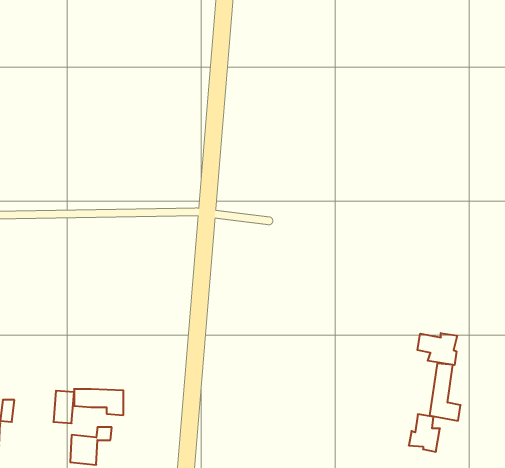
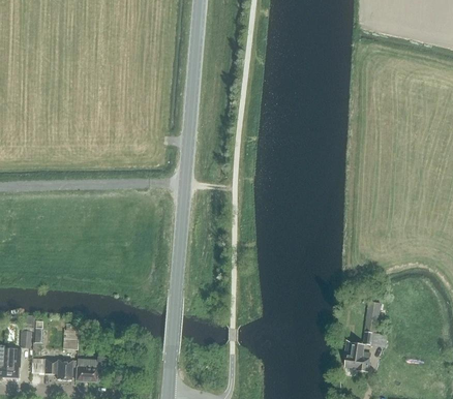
building: [417,333,457,365] -> none
building: [74,389,123,415] -> [32,360,71,380]

